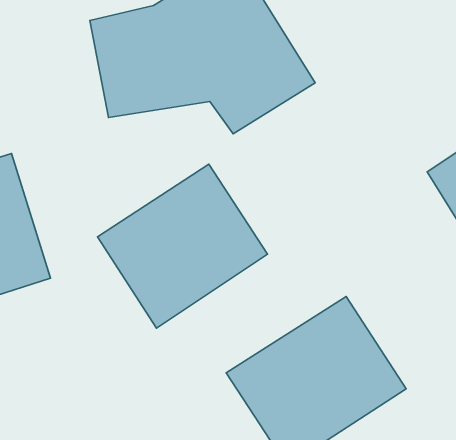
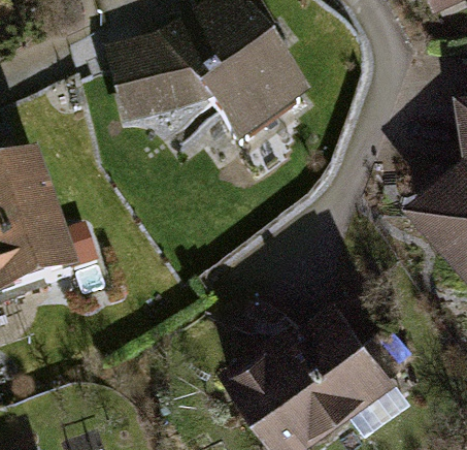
building: [97,164,267,328] -> none

